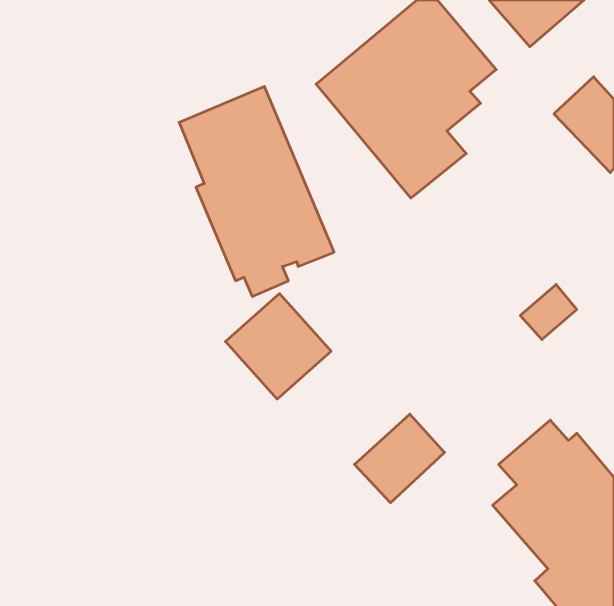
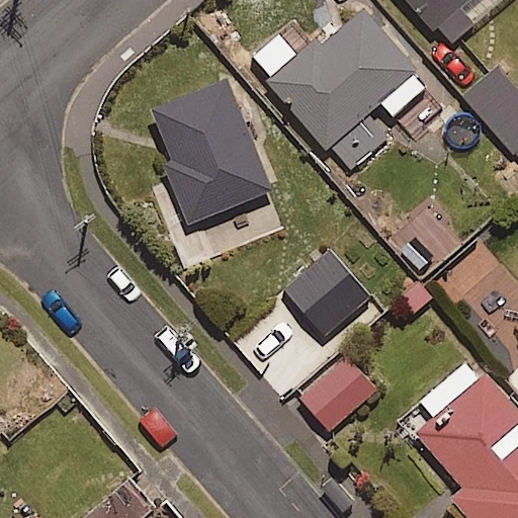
building: [225,294,331,399] -> [281,248,370,337]

